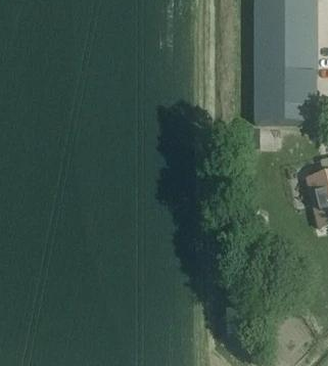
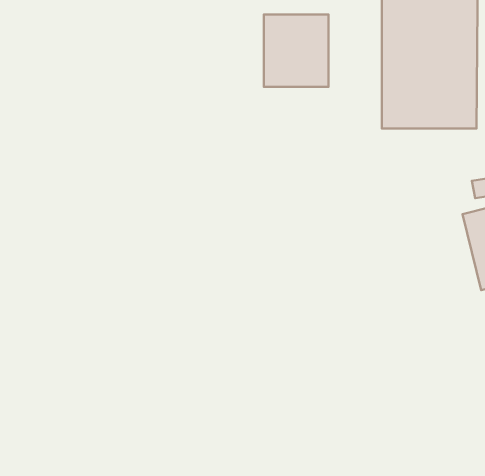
building: none -> [264,15,328,87]

